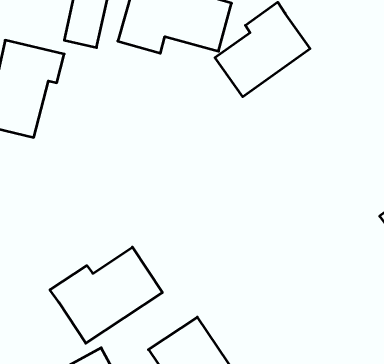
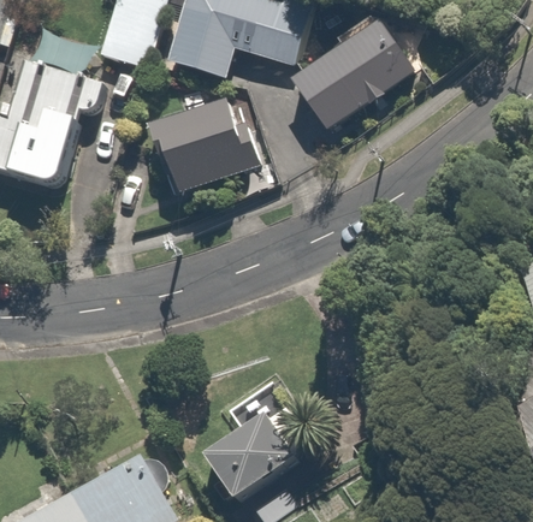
building: none -> [153,103,251,185]
building: [50,247,162,343] -> none

